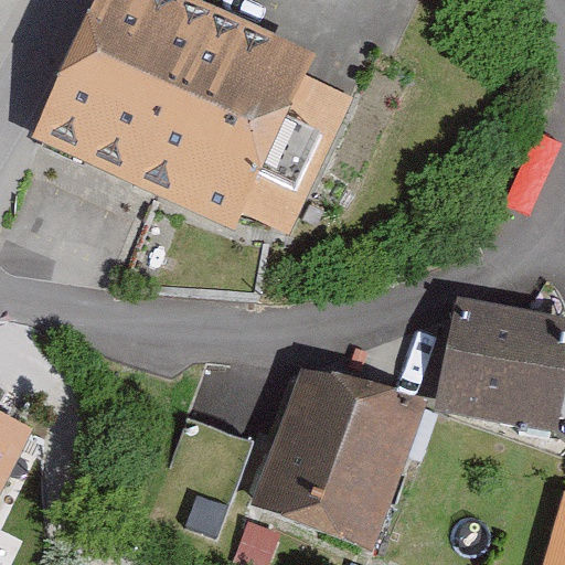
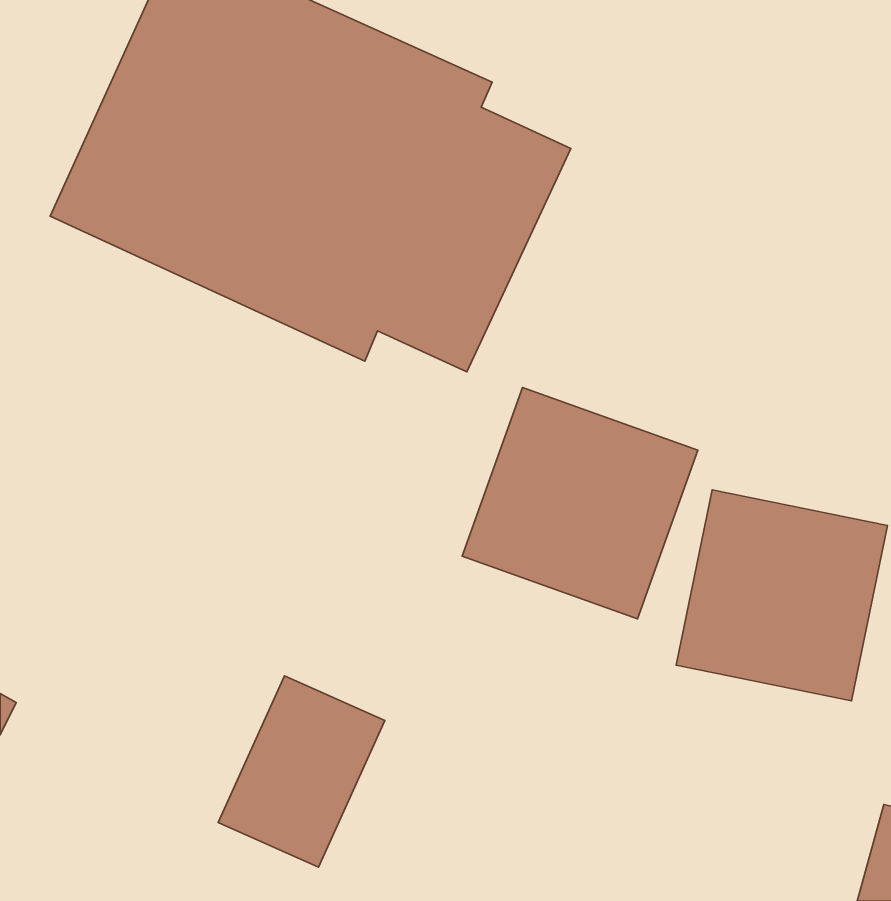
building: none -> [462,388,698,619]
building: [250,373,411,551] -> none

